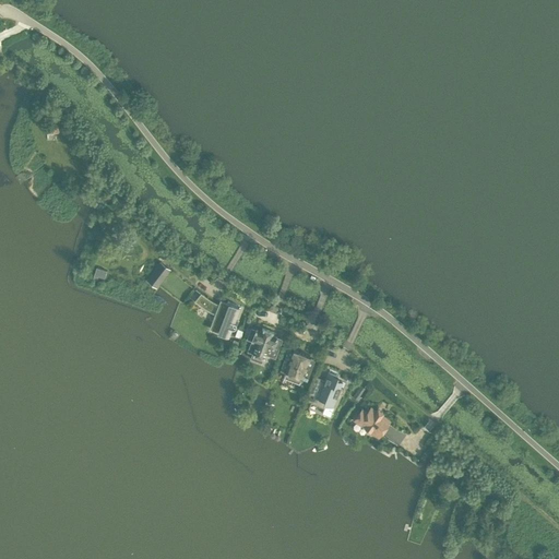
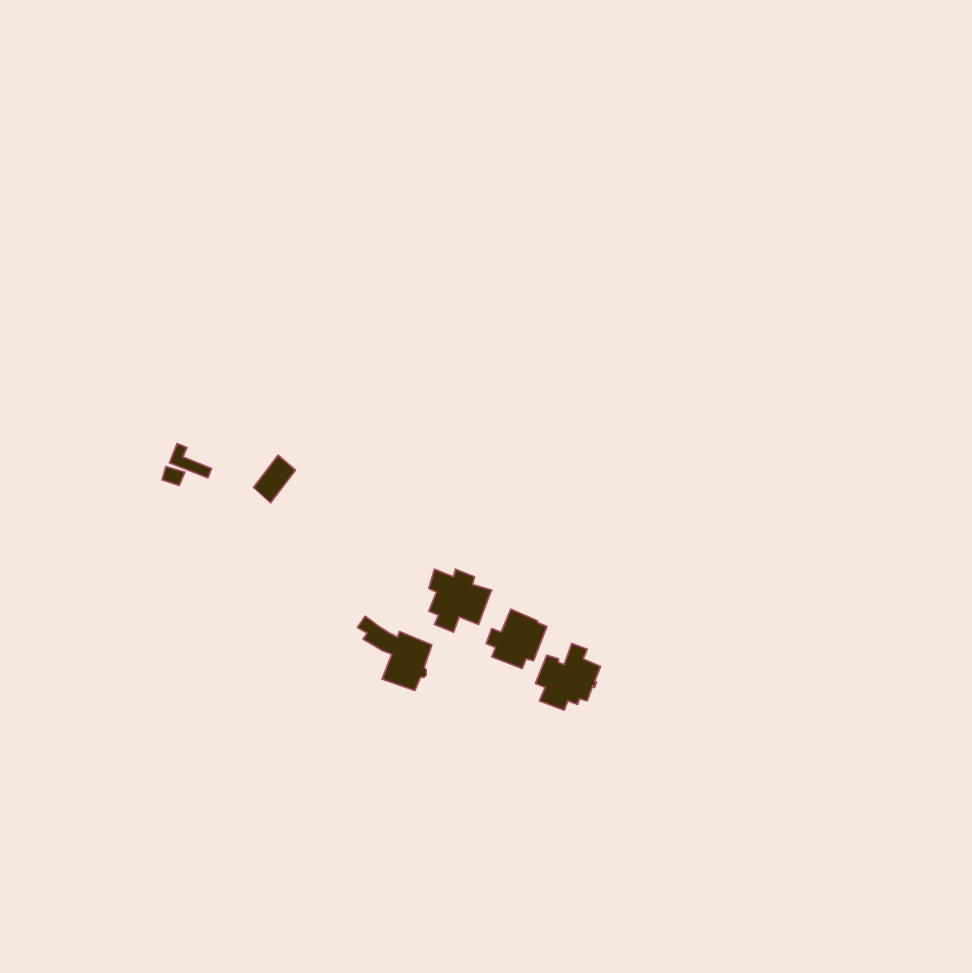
building: [195,293,238,335] -> [358,616,432,690]
building: [356,407,388,433] -> none

